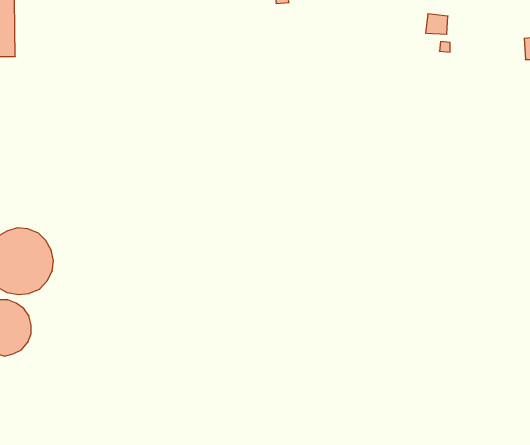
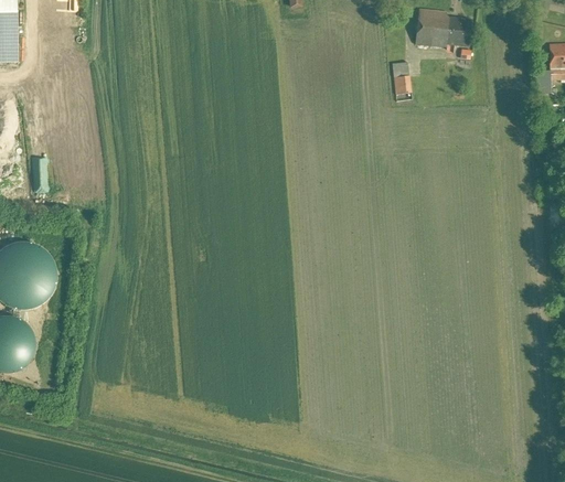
building: none -> [417,10,446,45]
building: none -> [392,61,409,93]

